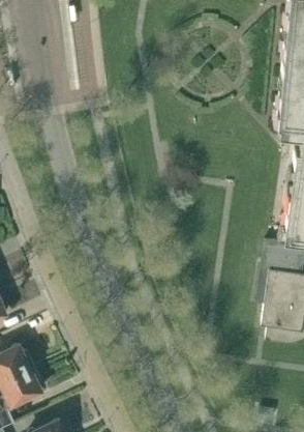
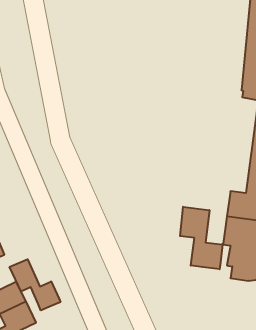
building: none -> [180,207,222,269]
building: none -> [10,259,60,310]

